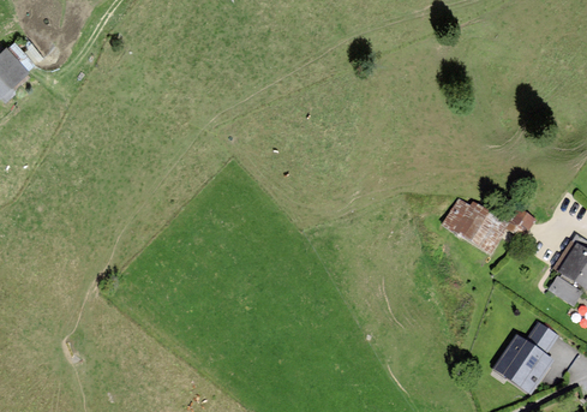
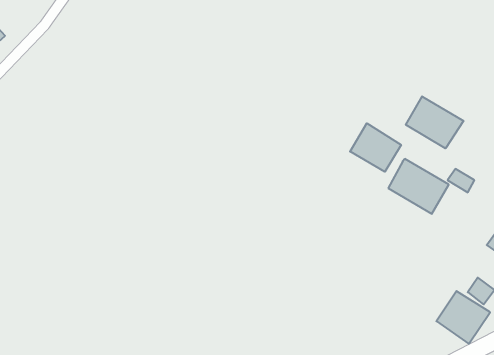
building: none -> [406,96,463,148]
building: none -> [350,123,401,172]

